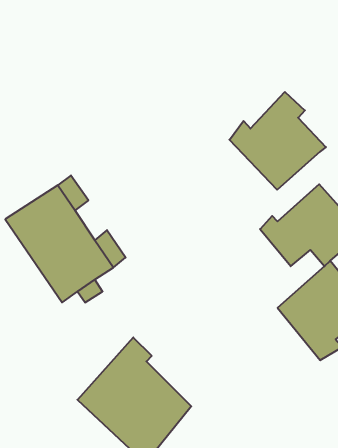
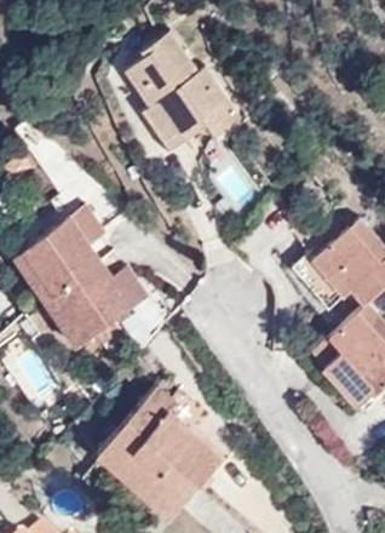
building: none -> [127,31,242,151]
building: [229,92,326,190] -> none

